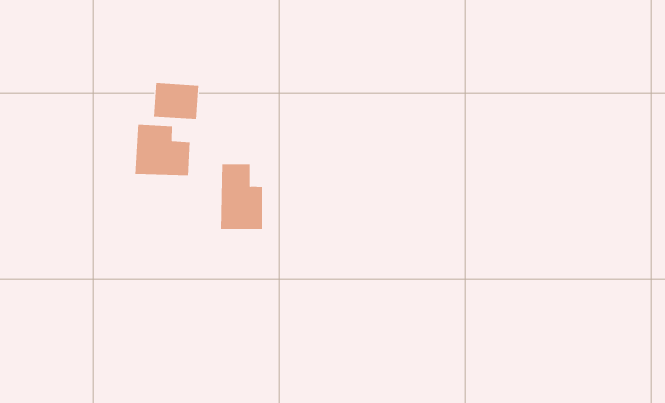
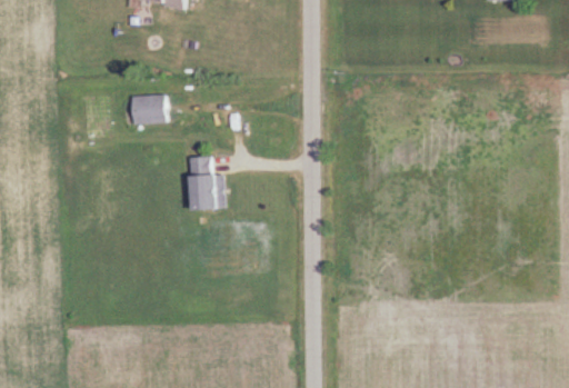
building: [135,124,190,176] -> none

